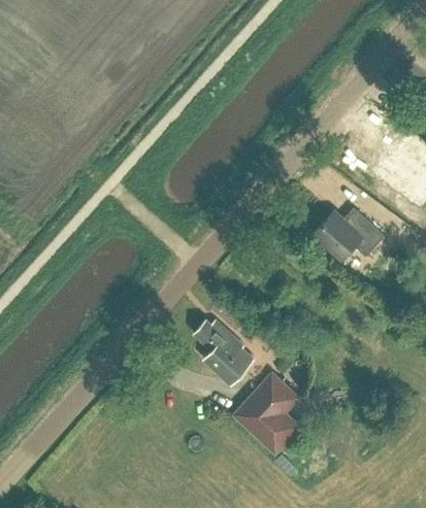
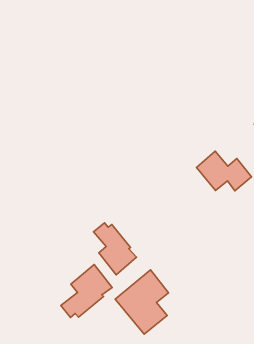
building: none -> [61,264,112,318]

